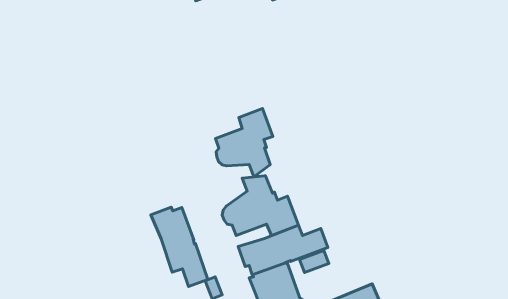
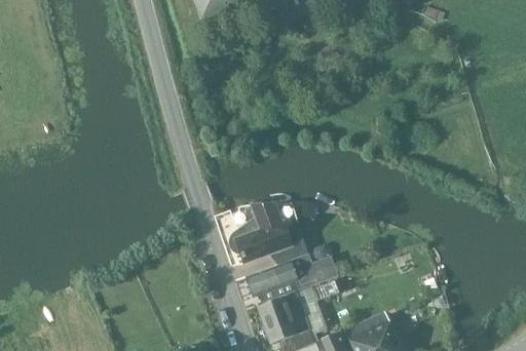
building: [216,109,273,177] -> none
building: [151,207,208,286] -> none

